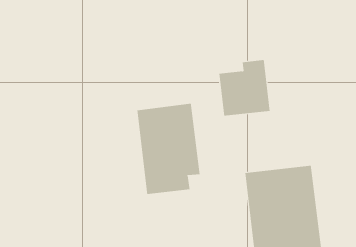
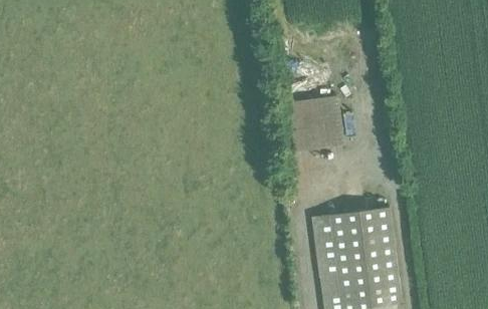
building: [137,103,200,195] -> none

